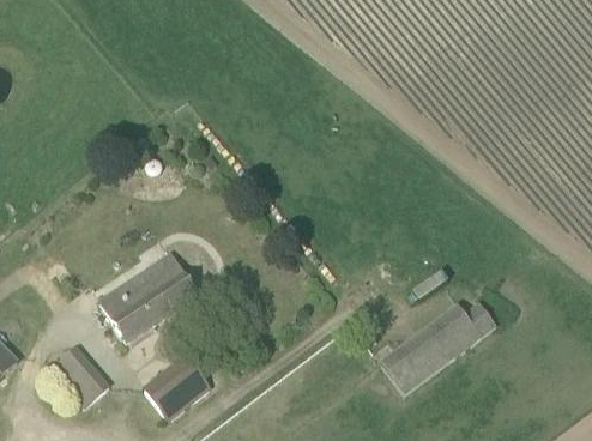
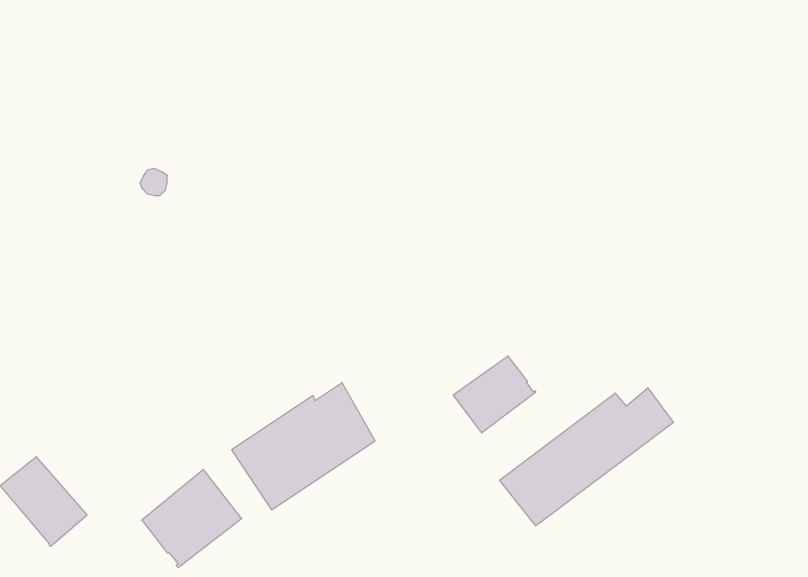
building: [99,255,194,339] -> [232,383,375,510]
building: none -> [453,356,536,433]

